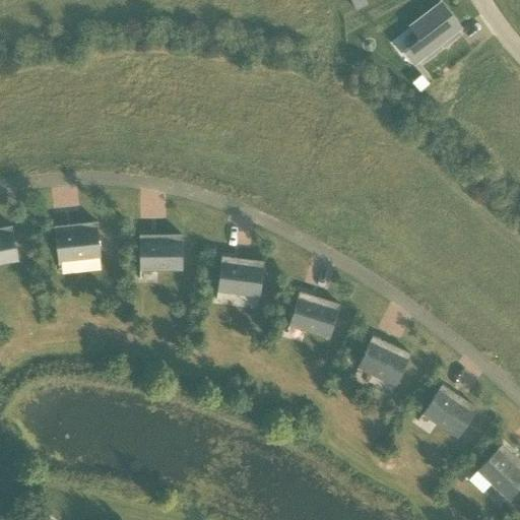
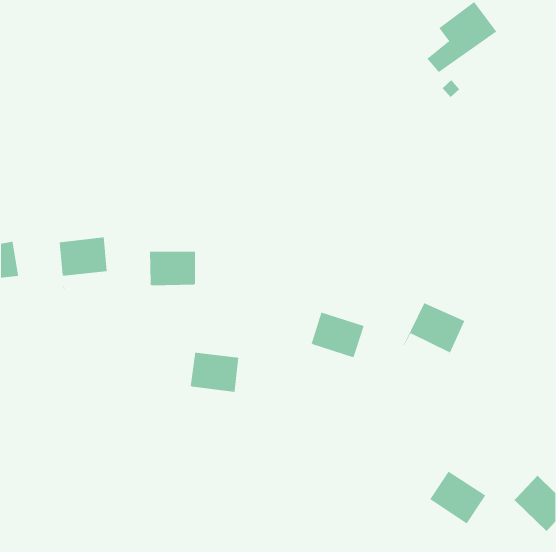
building: [216,259,264,303] -> [188,352,239,399]
building: [353,339,411,390] -> [403,302,465,357]
building: [417,388,477,442] -> [422,471,486,528]

